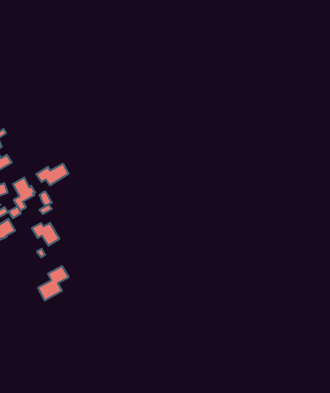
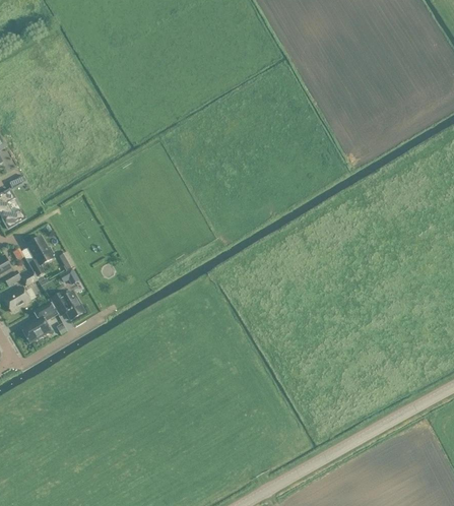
building: [36,164,69,185] -> none
building: [38,266,69,300] -> [21,301,59,342]

